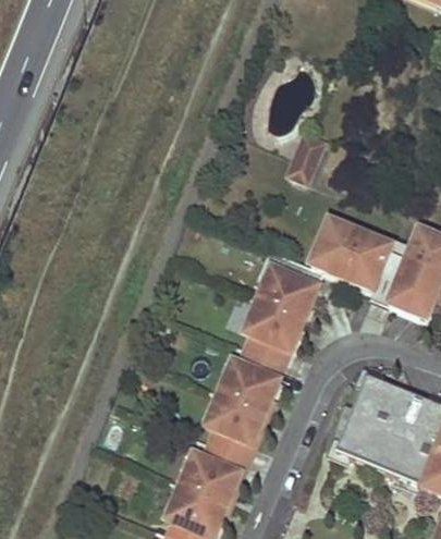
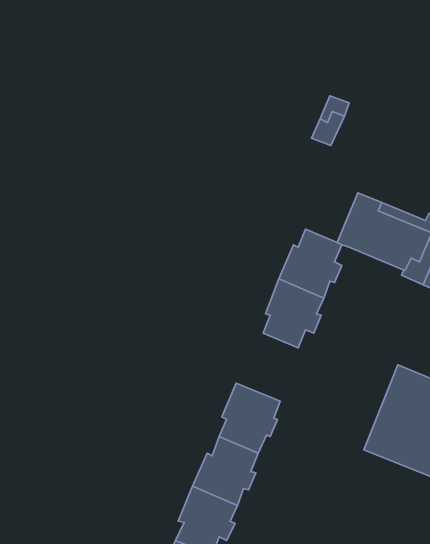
building: [222,346,278,407] -> none

